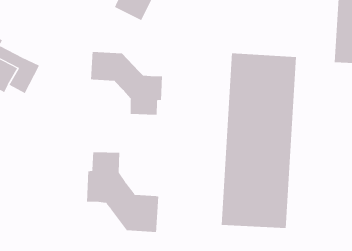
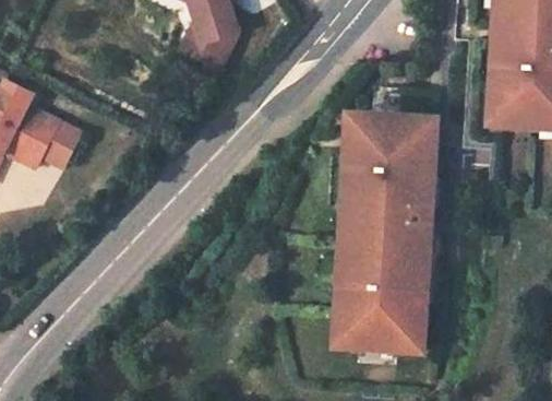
building: [90,51,163,115] -> none
building: [86,152,159,233] -> none

